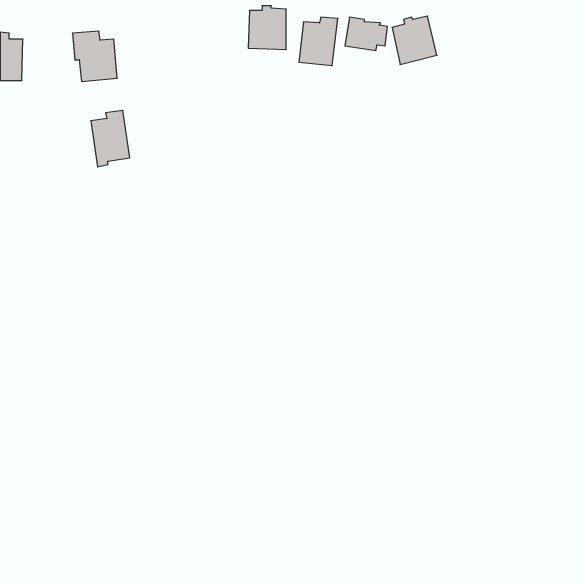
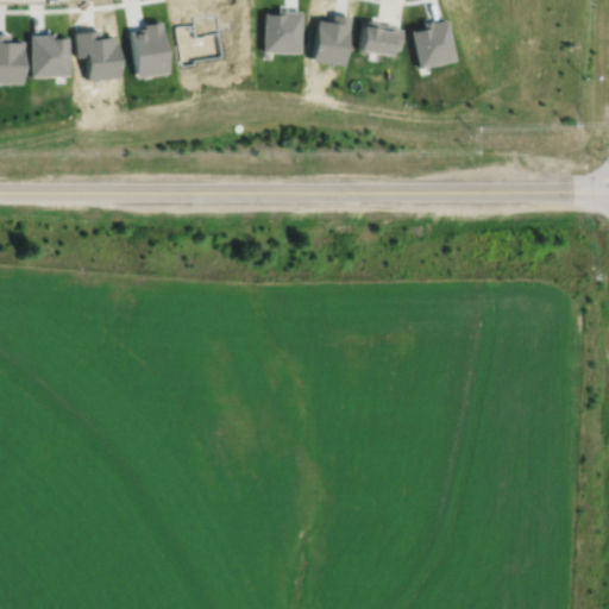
building: none -> [178,15,230,70]
building: none -> [32,34,73,80]
building: [91,111,130,167] -> [132,24,172,82]

